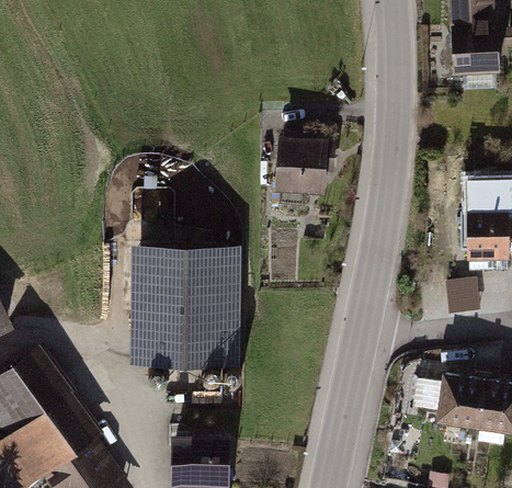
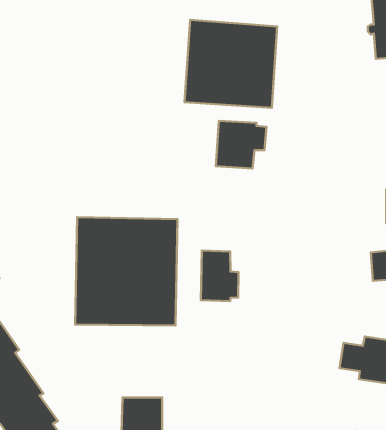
building: none -> [185,20,277,108]
building: none -> [201,250,238,301]

